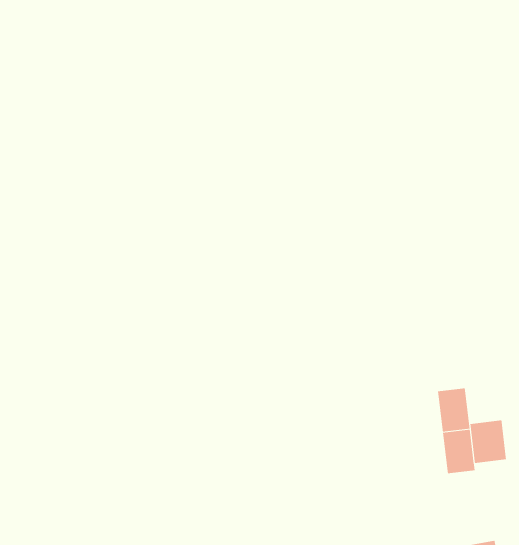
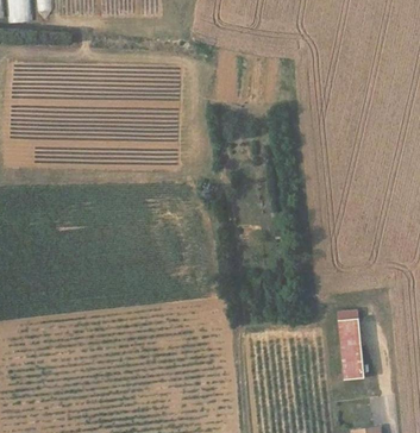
building: [470,420,507,464] -> none

